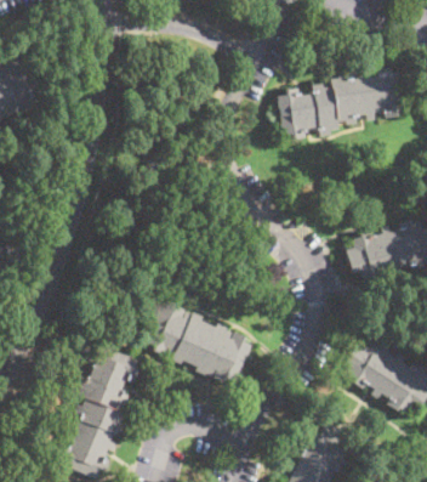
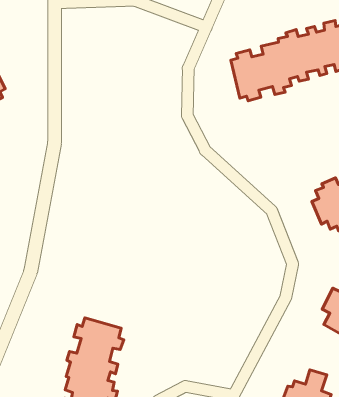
building: [147,304,251,382] -> none

